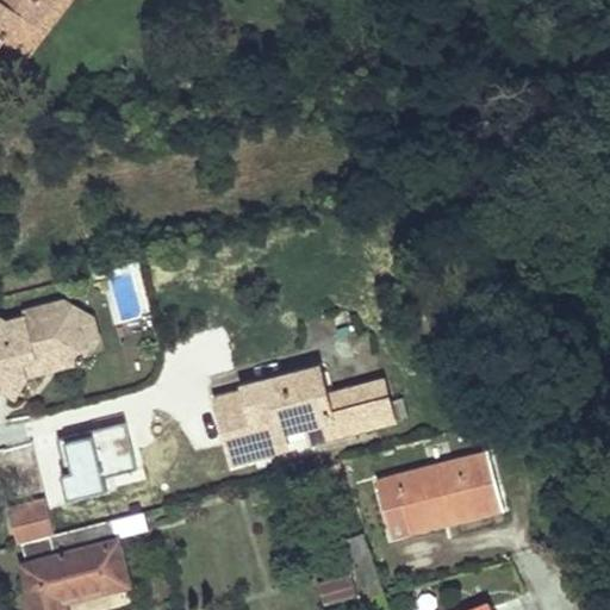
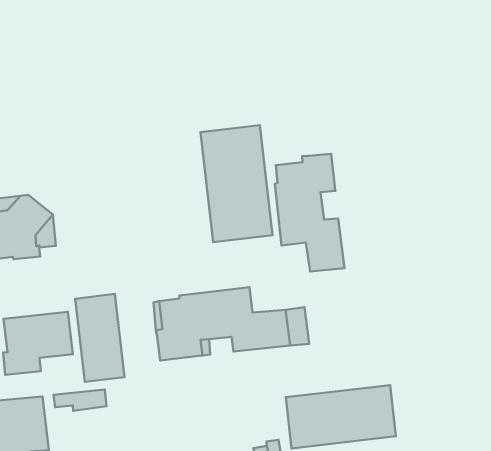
building: none -> [201,125,272,242]
building: none -> [275,154,344,272]
building: none -> [75,294,124,382]

